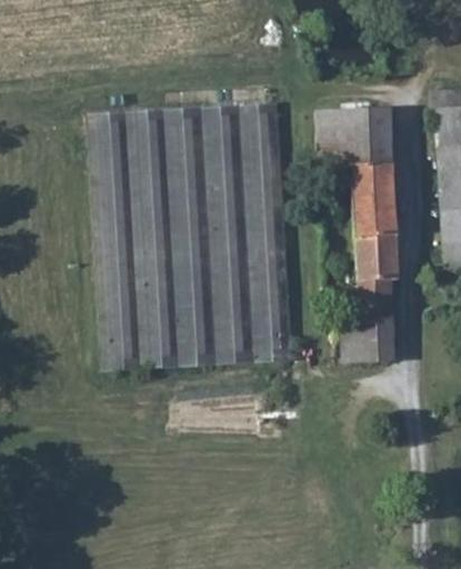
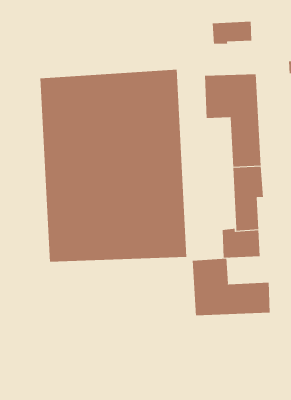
building: none -> [212,21,252,44]
building: none -> [192,258,270,316]

